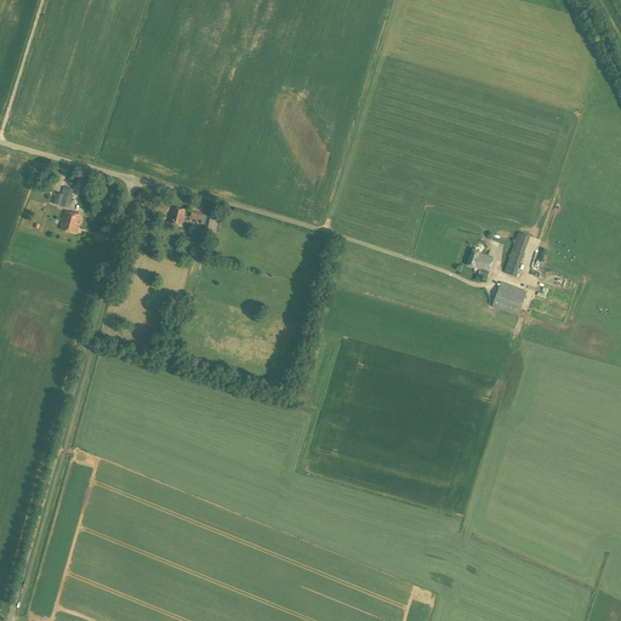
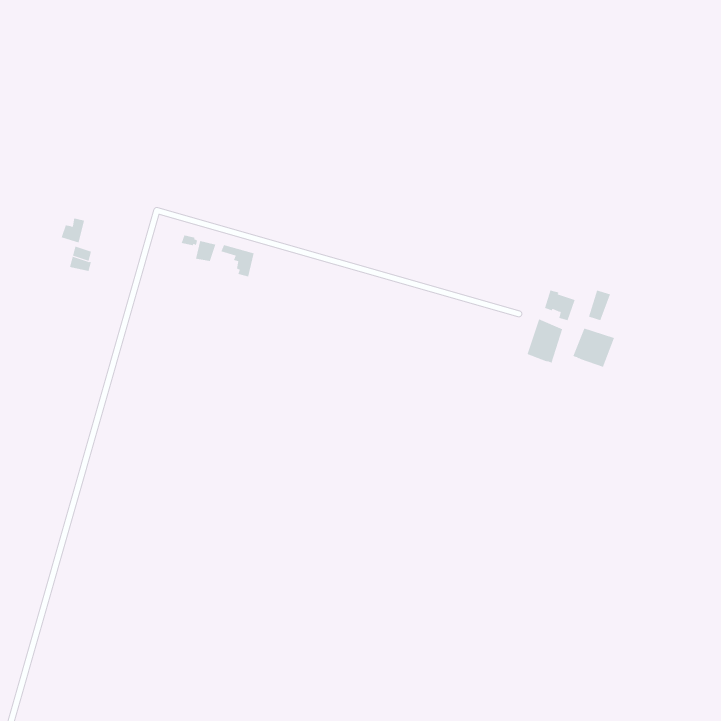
building: none -> [527,319,563,364]

